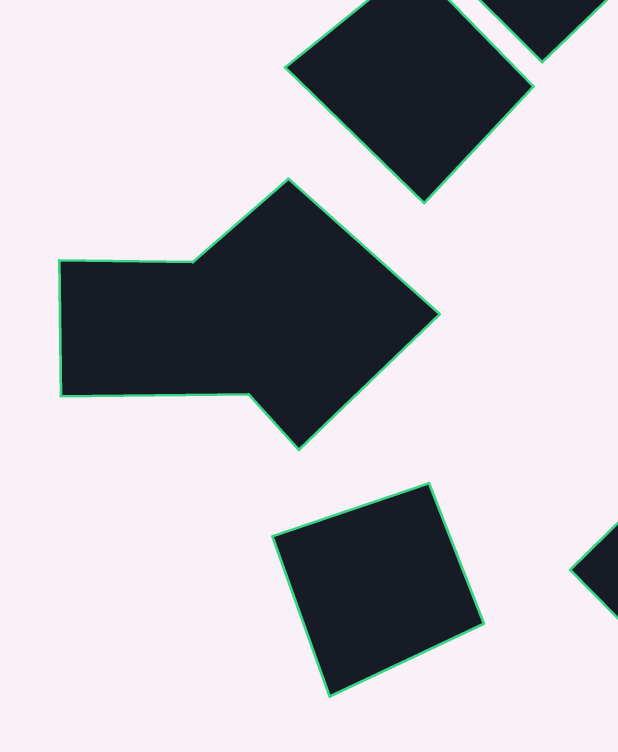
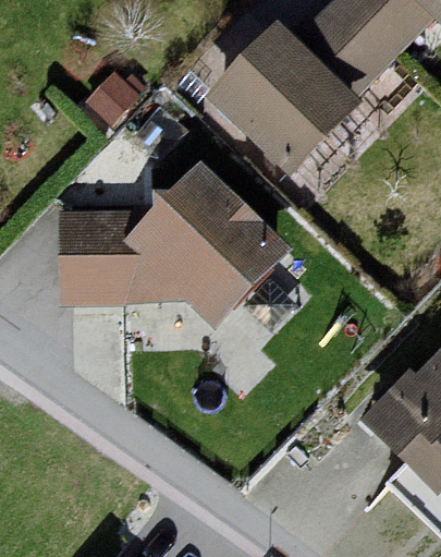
building: [273,483,484,697] -> none

